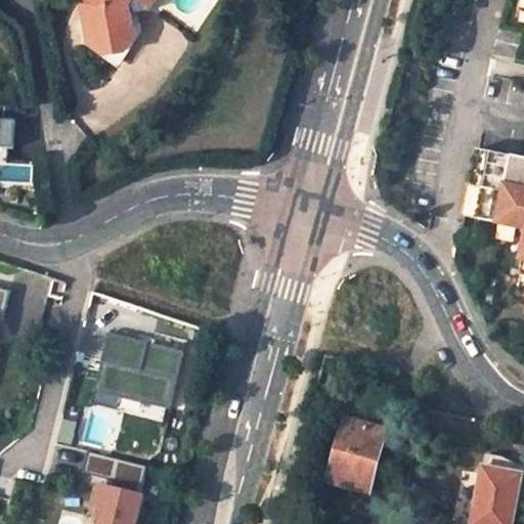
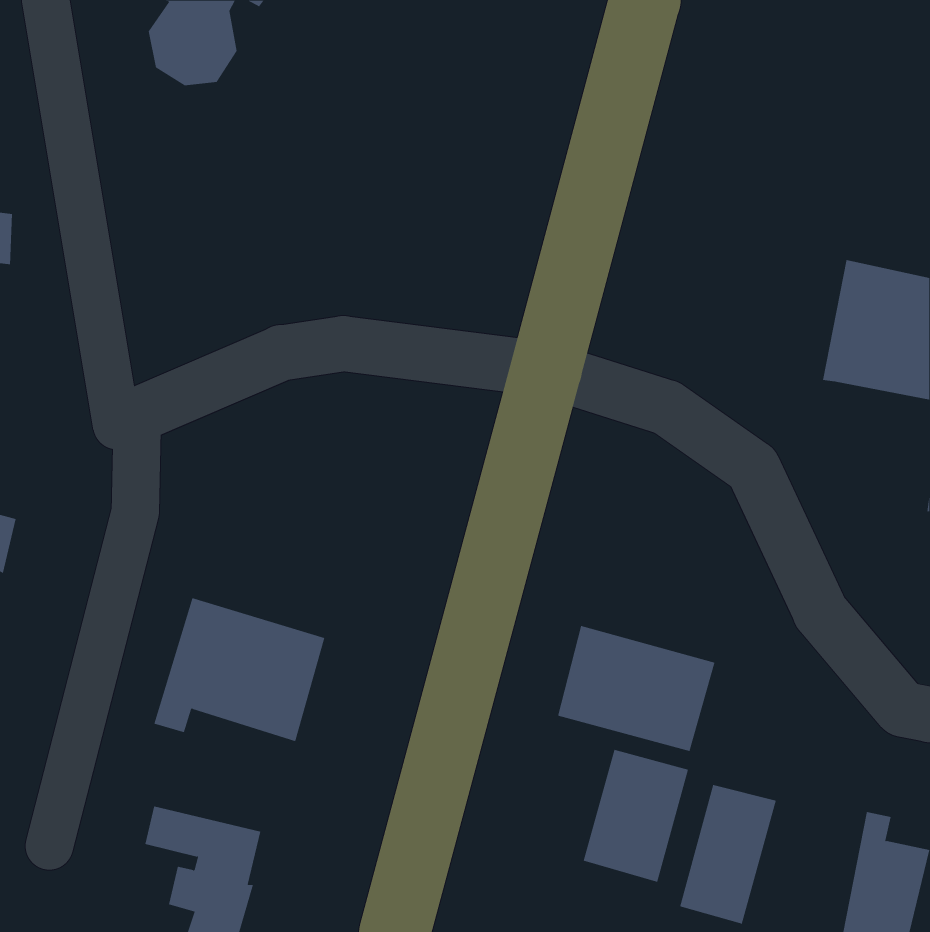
building: none -> [557,625,715,752]
building: none -> [680,784,776,925]

